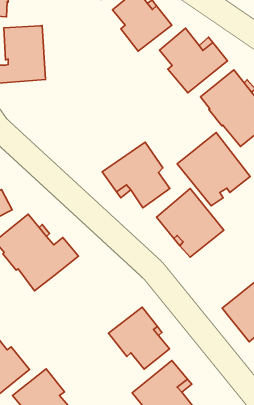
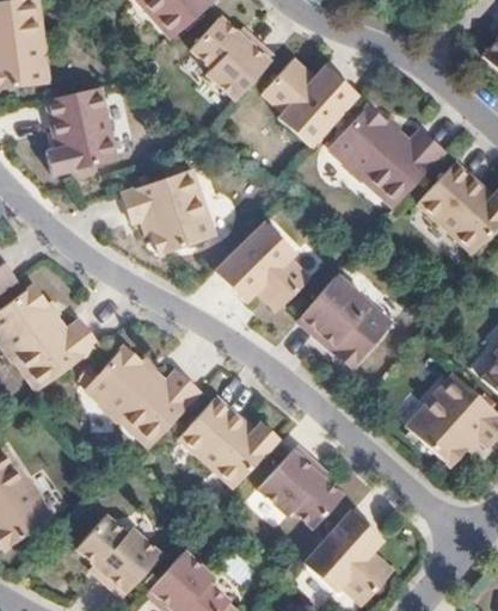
building: none -> [119,168,213,254]
building: [177,132,250,206] -> none
building: none -> [179,397,279,487]

